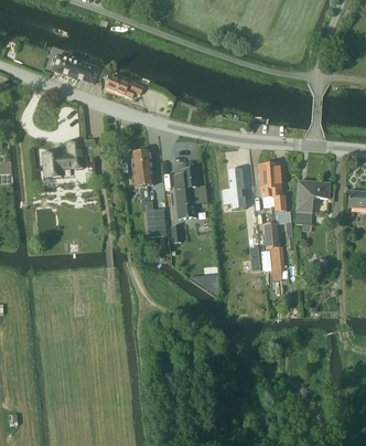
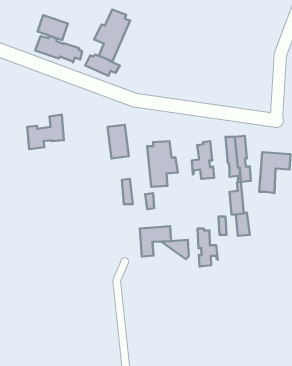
building: none -> [94,9,130,61]
building: none -> [37,15,68,40]
building: none -> [140,226,171,256]
building: none -> [197,228,218,266]

